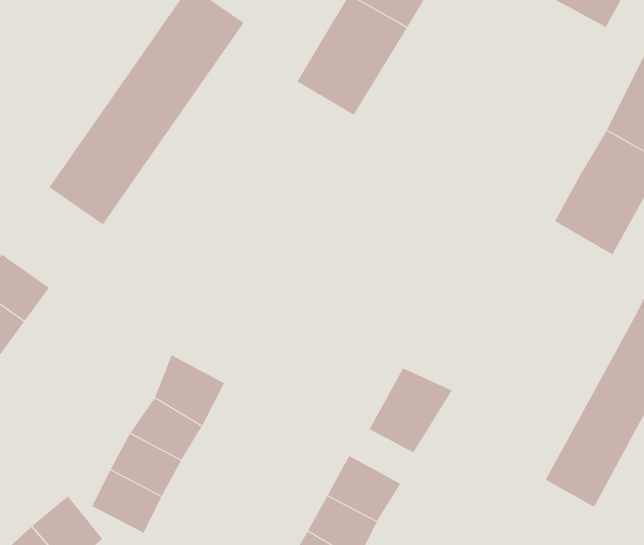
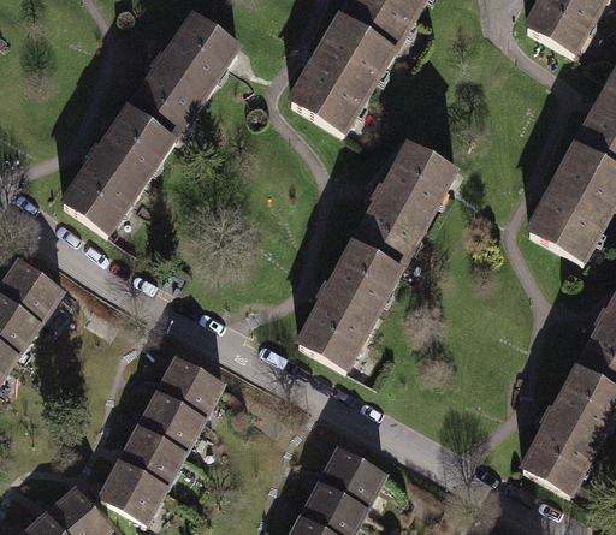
building: none -> [294,147,452,370]
building: [369,368,453,453] -> none

